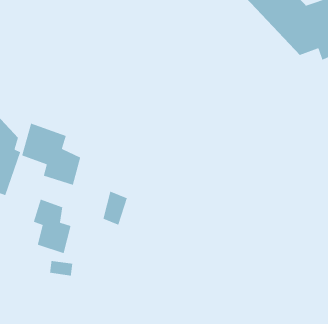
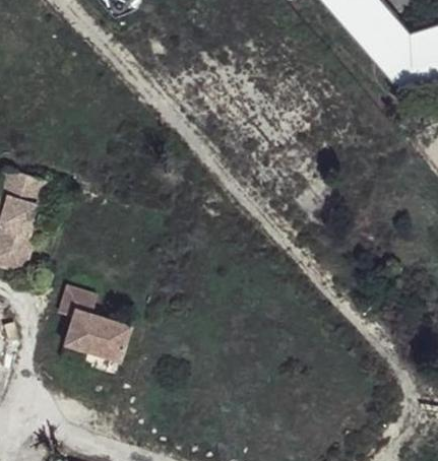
building: [21,122,81,186] -> none
building: [102,191,128,226] -> [98,309,129,352]

